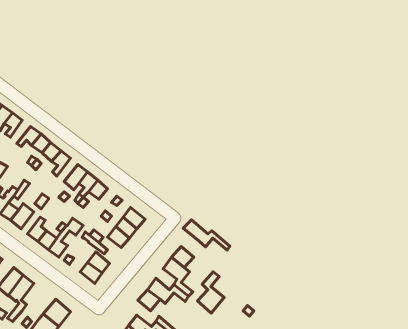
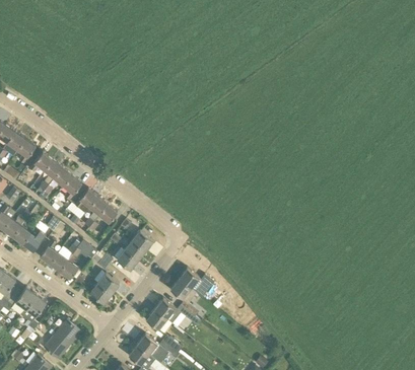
building: [183,220,230,250] -> none
building: [198,272,224,313] -> none

